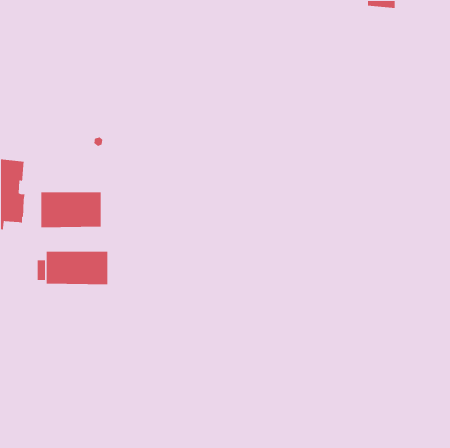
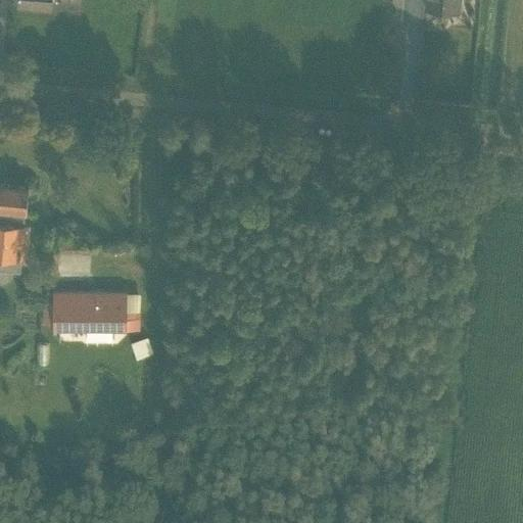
building: [40,192,101,228] -> none

